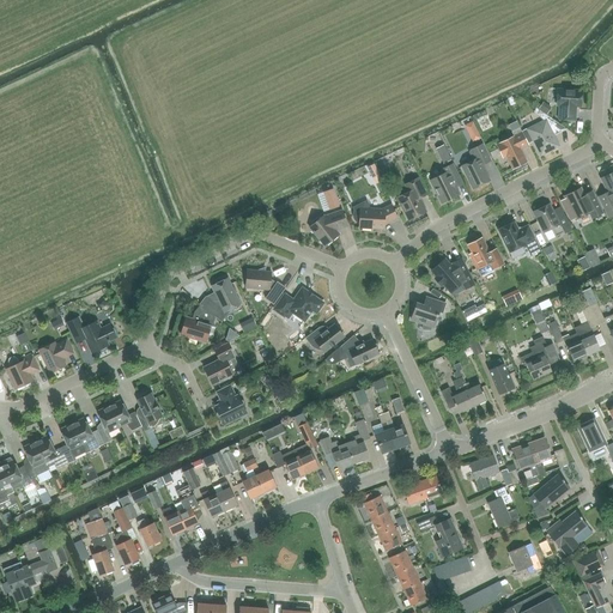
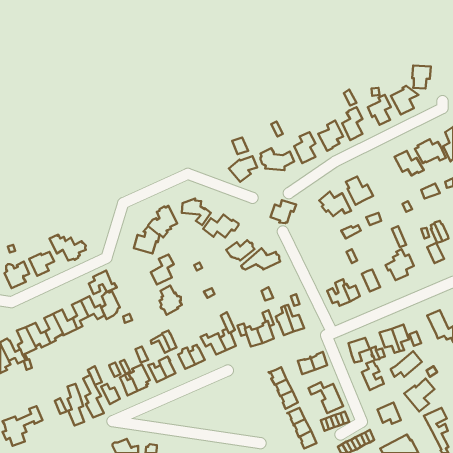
building: [498,220,541,256] -> none
building: [411,297,445,328] -> [270,200,296,223]
building: [548,321,587,362] -> none
building: none -> [89,271,117,294]

